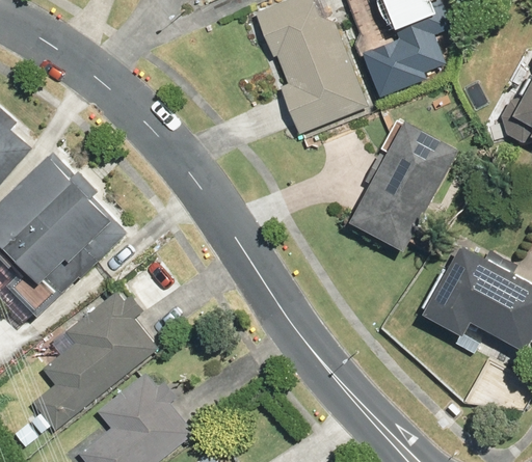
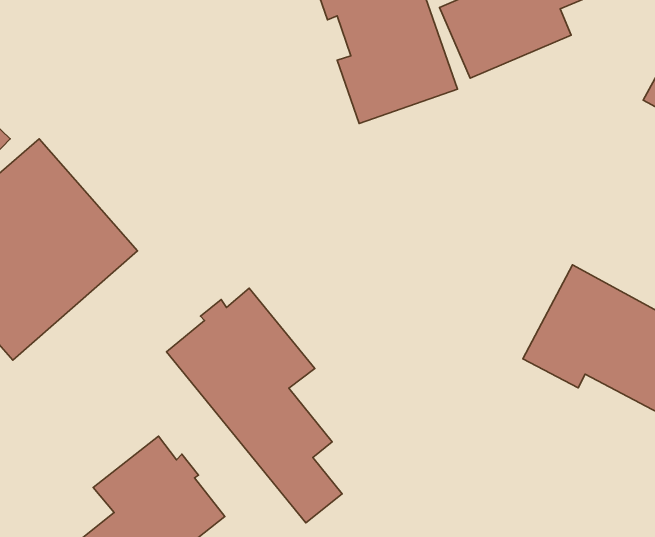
building: [344,121,456,255] -> none
building: none -> [166,288,342,523]
building: [33,290,158,430] -> none

